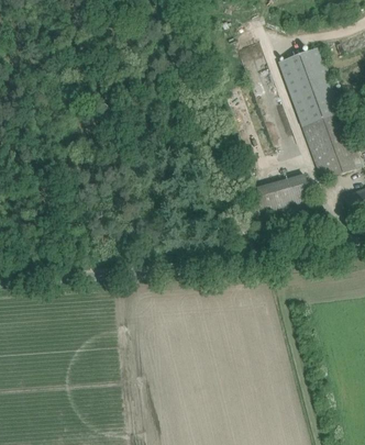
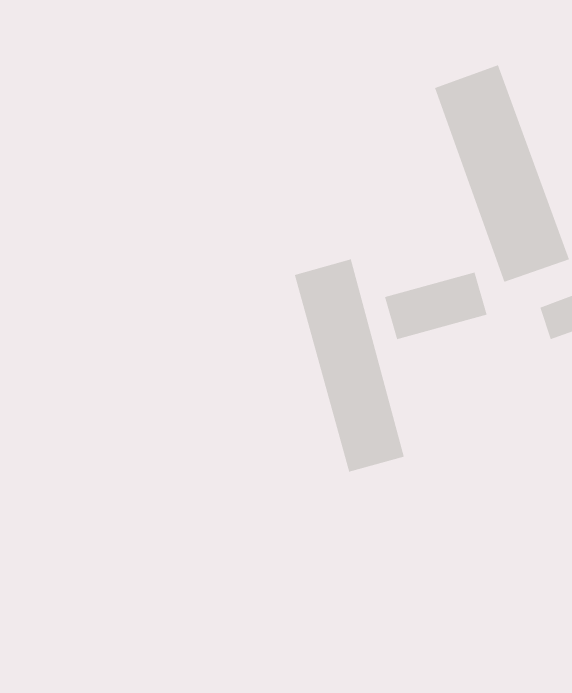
building: none -> [294,258,405,472]

